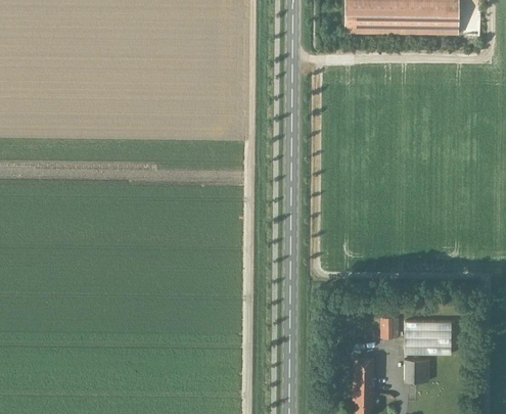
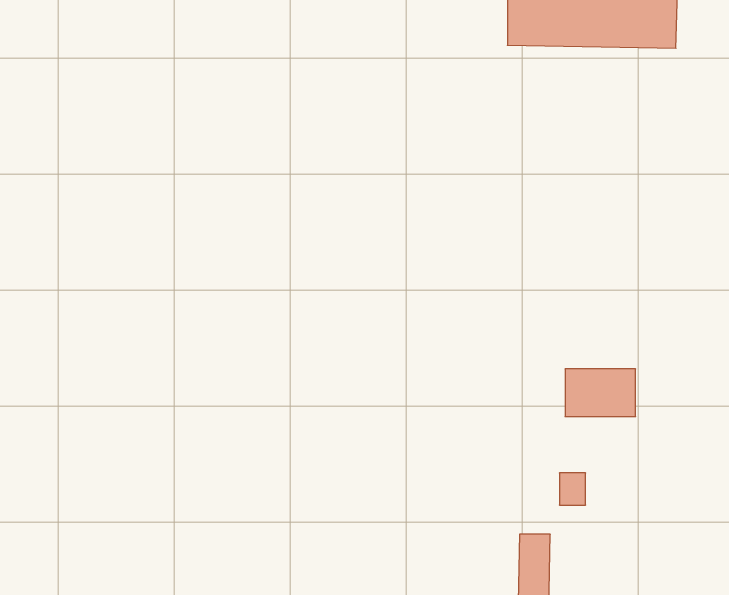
building: [403,318,450,350] -> [565,369,636,417]
building: [404,359,429,381] -> none

